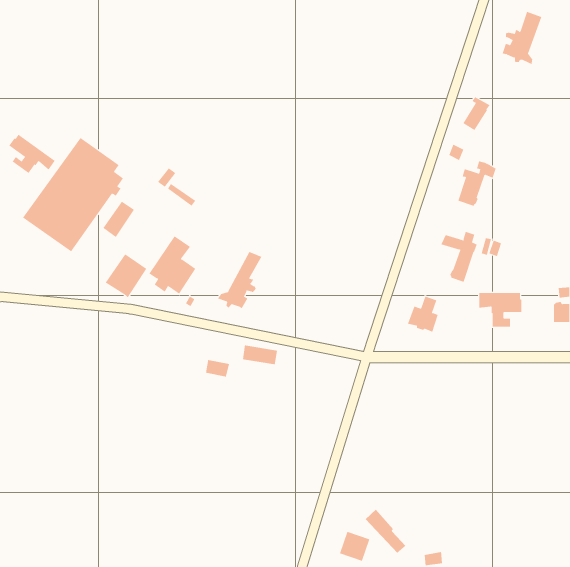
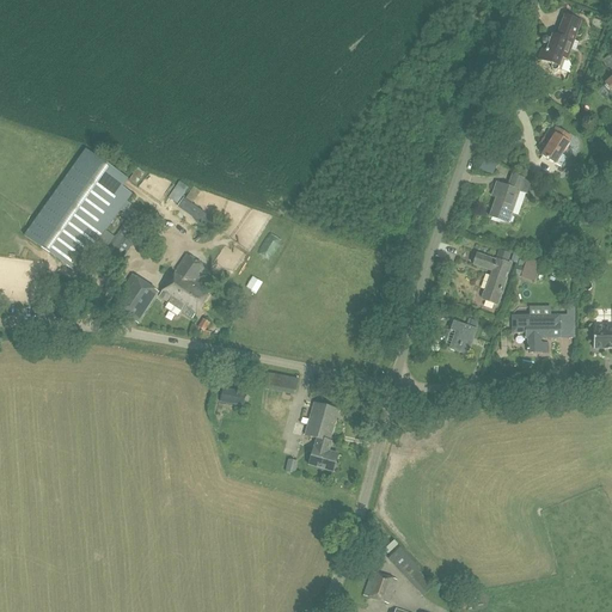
building: [463,96,491,131] -> [541,124,571,161]
building: [9,134,56,174] -> none
building: [217,251,262,309] -> none
building: none -> [306,397,339,470]

